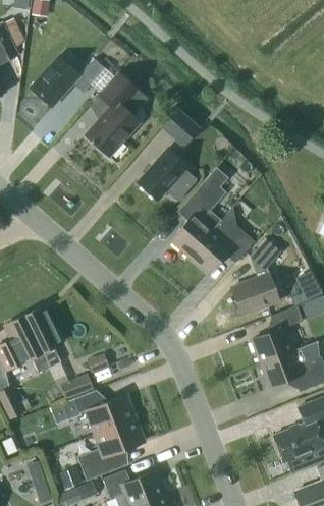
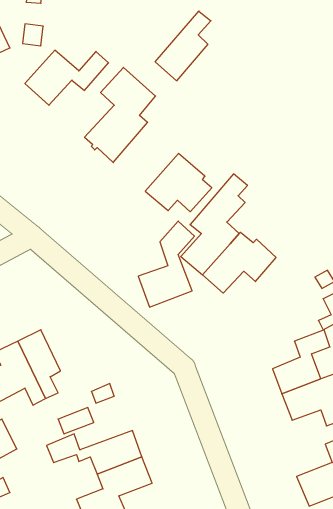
building: none -> [155,11,211,81]
building: [163,109,199,144] -> none
building: [230,238,280,315] -> [138,221,194,307]

